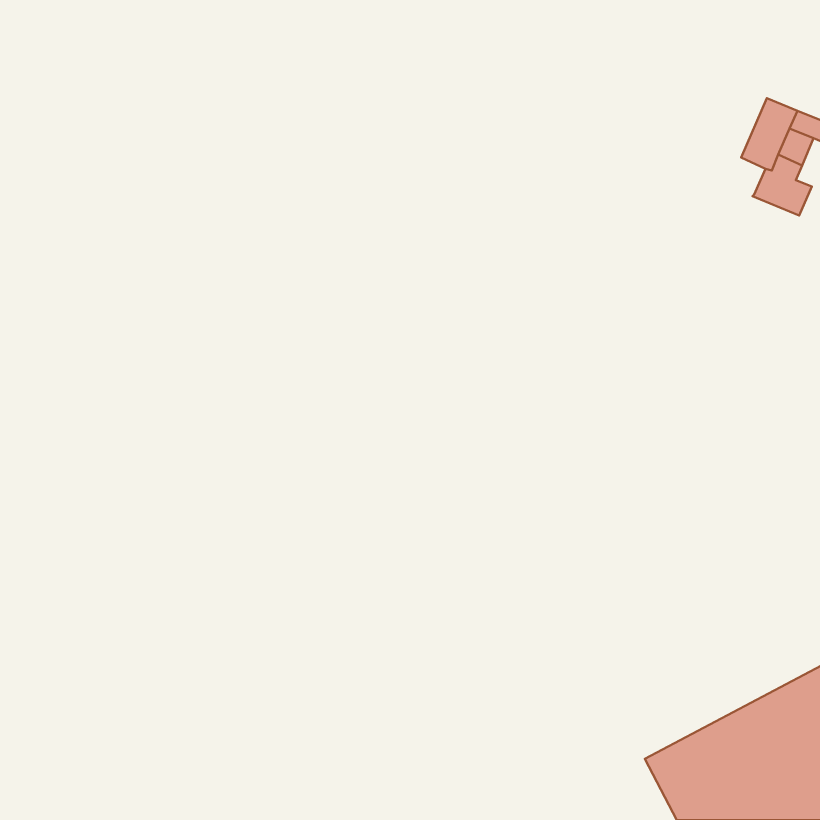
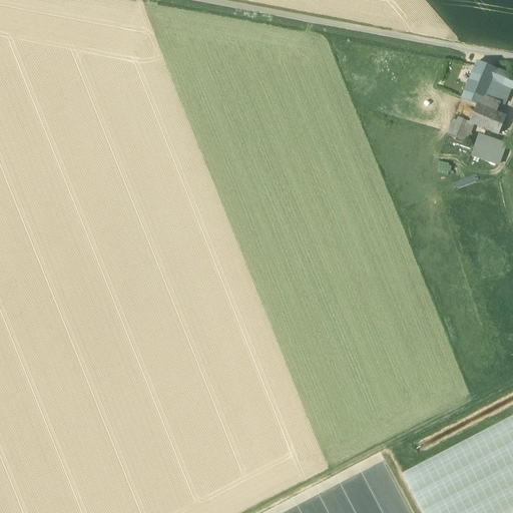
building: none -> [448,115,475,140]
building: none -> [471,133,508,166]

